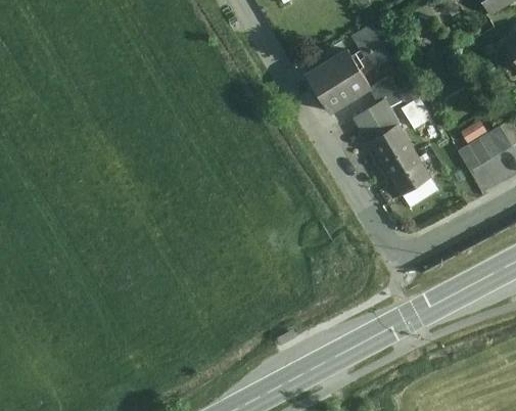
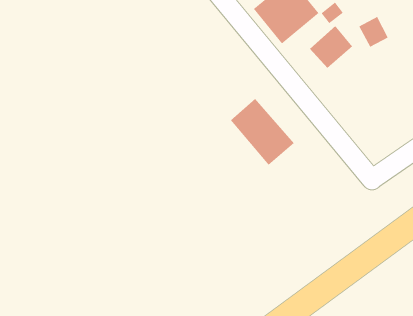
building: [371,125,432,194] -> [230,98,295,166]

